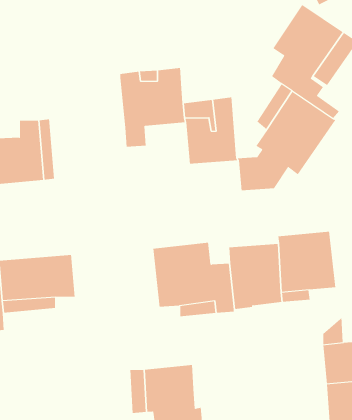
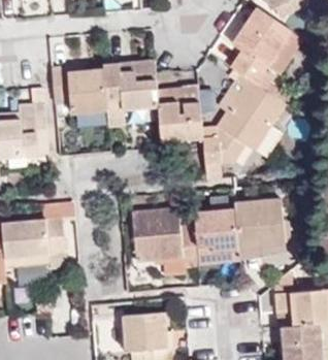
building: none -> [52,66,107,113]

